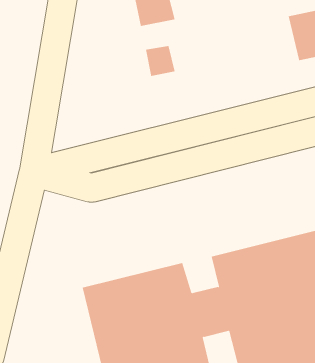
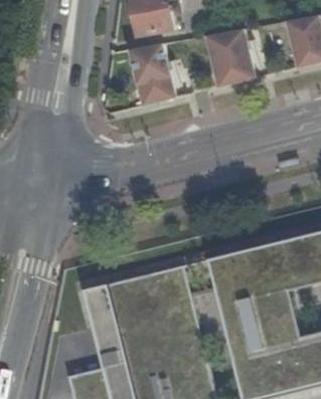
building: none -> [203,31,253,88]
building: none -> [138,57,179,106]

